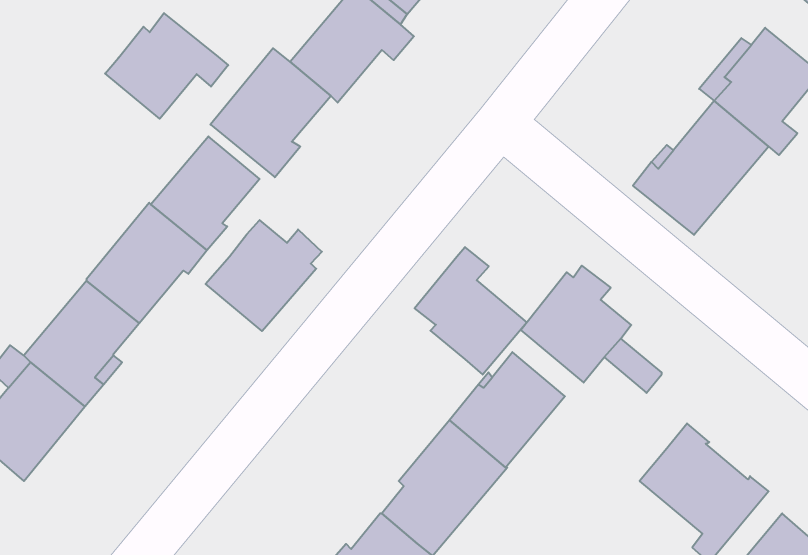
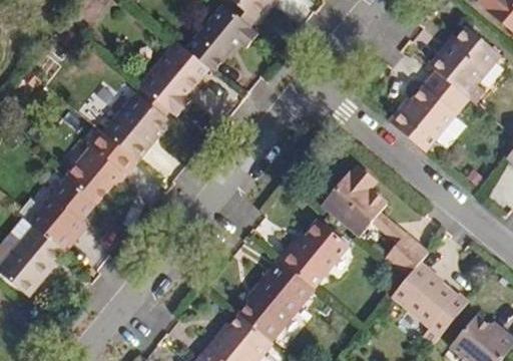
building: [105,13,228,119] -> none
building: [206,220,322,331] -> none
building: [415,247,527,375] -> none
building: none -> [385,233,429,278]

